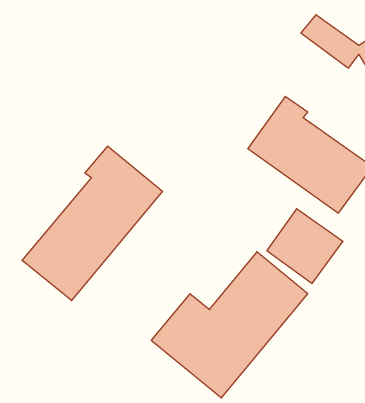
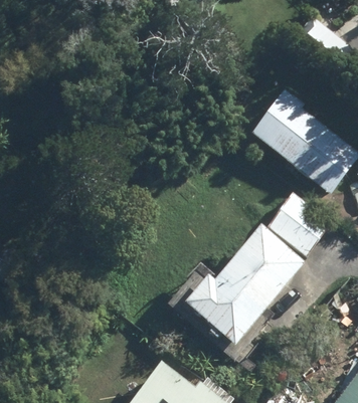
building: [22,146,162,301] -> none

